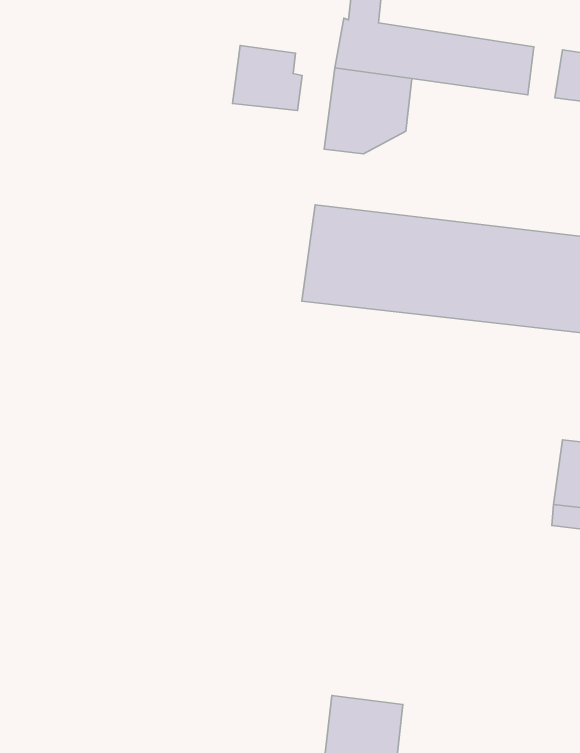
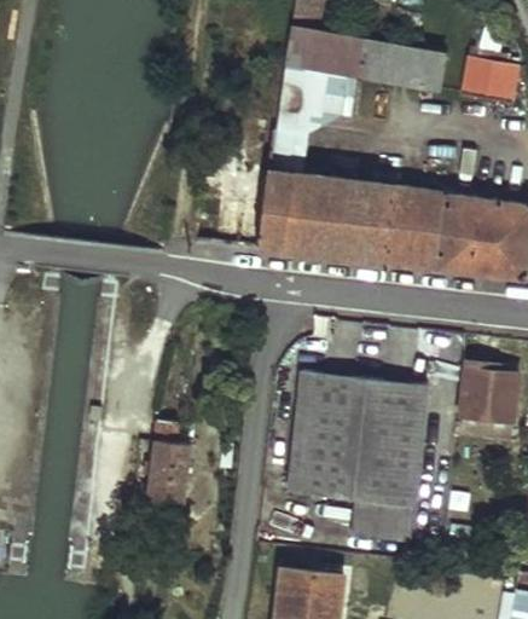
building: [233,45,302,111] -> none
building: none -> [290,371,430,542]
building: none -> [146,418,195,503]

